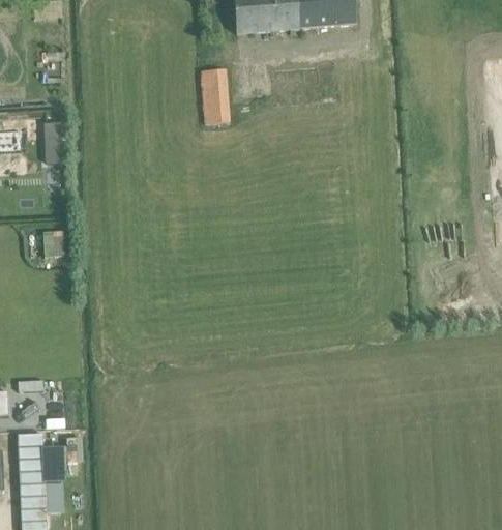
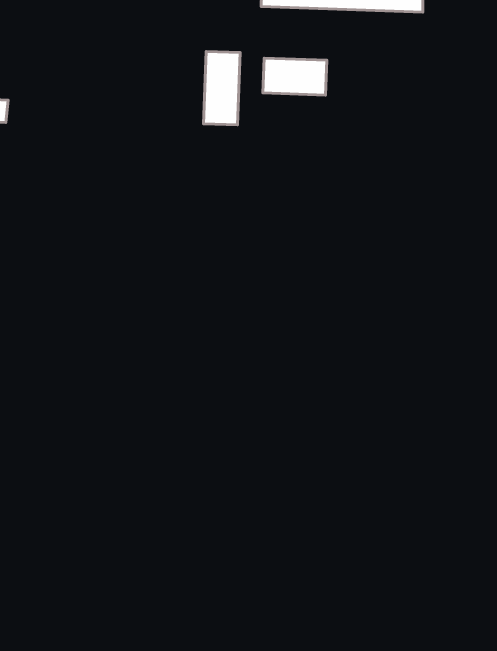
building: none -> [263,58,327,95]

